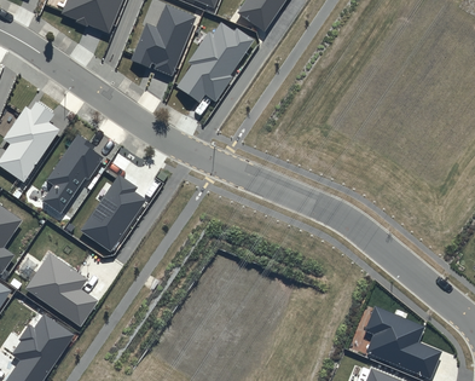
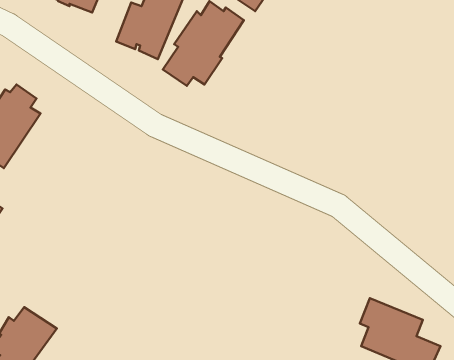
building: [42,134,104,214] -> none
building: [80,174,146,252] -> none
building: [25,253,98,325] -> none

